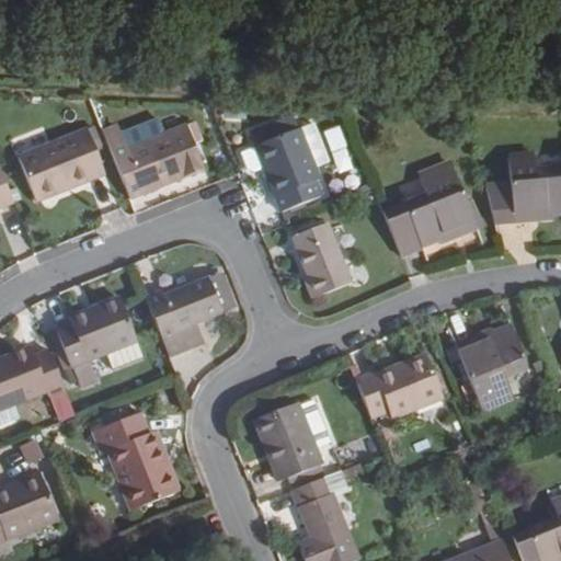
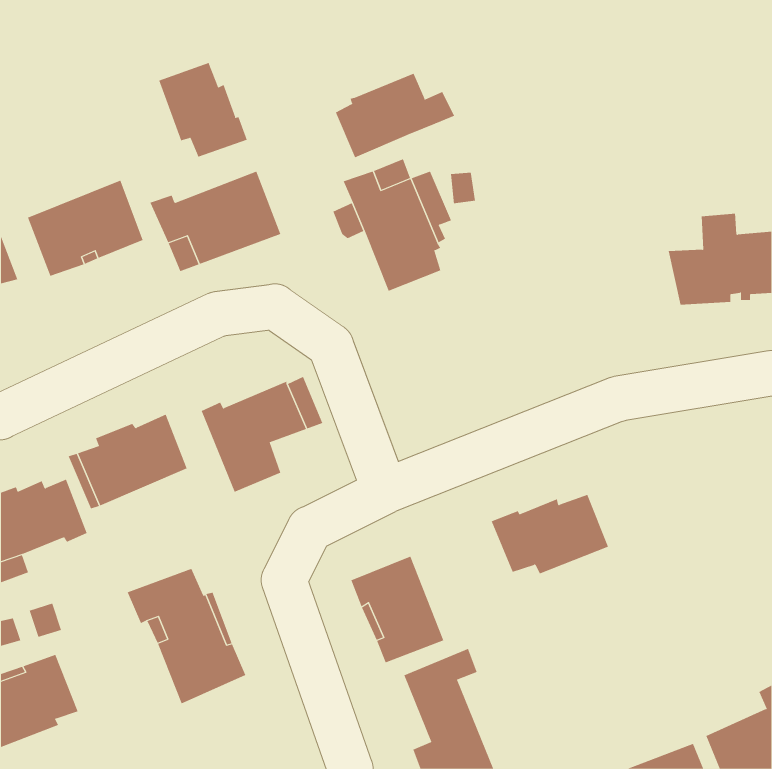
building: none -> [158,62,248,158]
building: none -> [335,73,455,158]
building: [380,163,473,253] -> none
building: [291,222,351,298] -> none
building: [454,324,526,405] -> none

